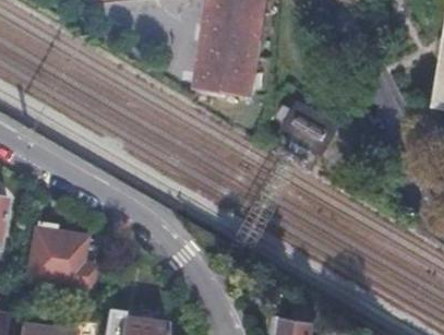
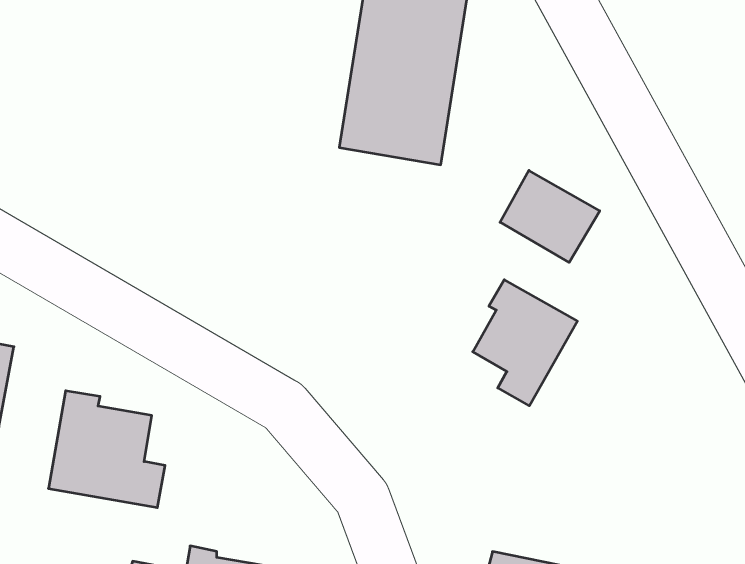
building: none -> [473,280,577,406]

